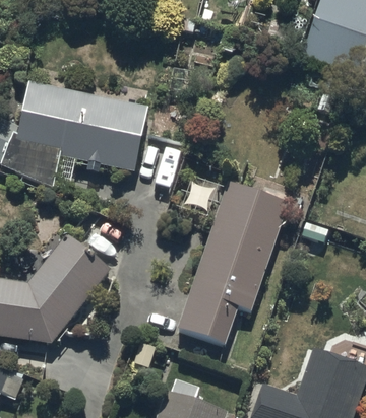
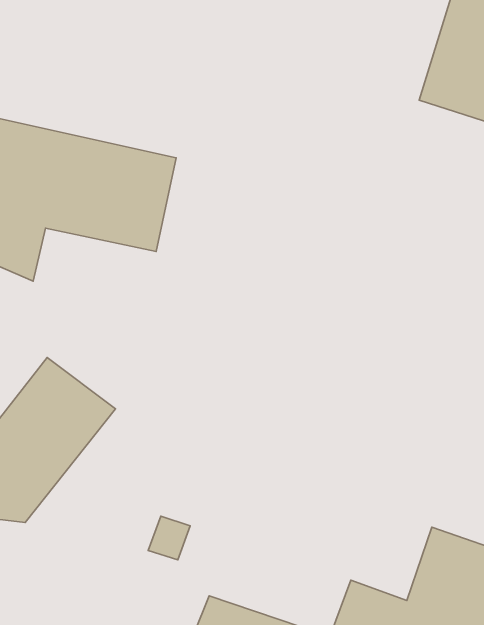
building: [175,182,288,346] -> none

